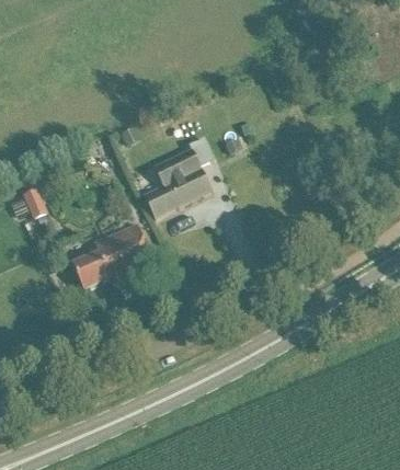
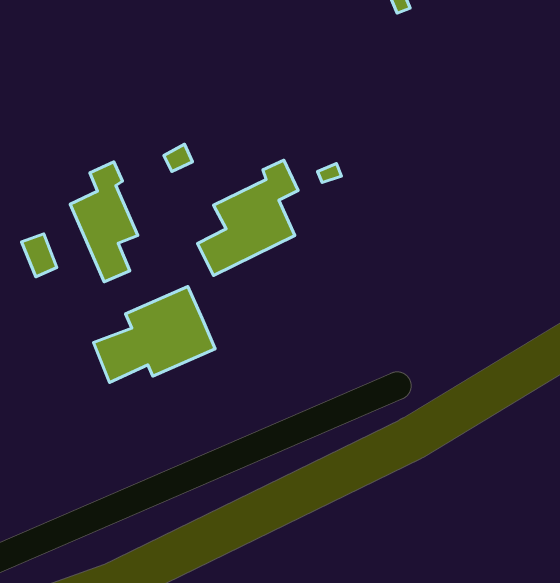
building: none -> [70,162,138,282]

